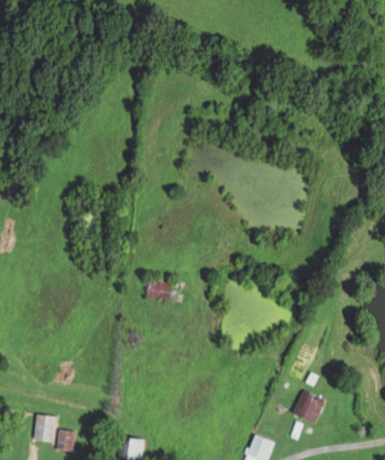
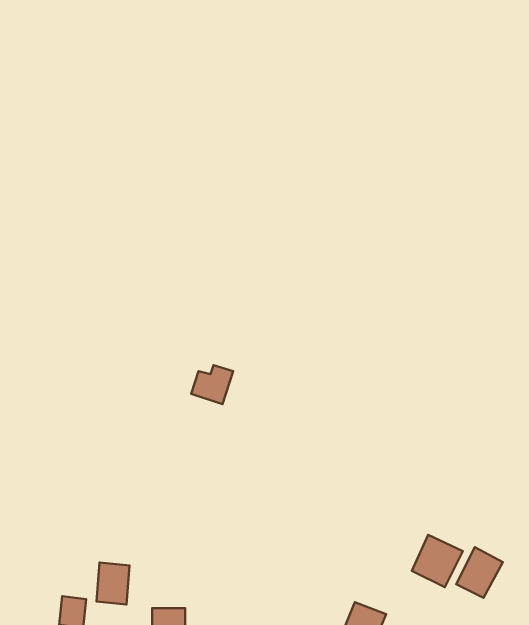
building: none -> [456,547,503,598]
building: [34,415,56,443] -> [96,563,129,605]

